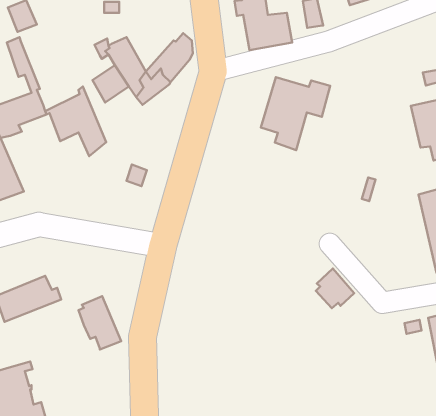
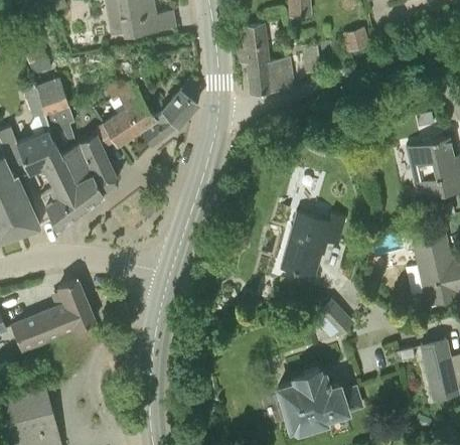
building: none -> [37,78,72,130]
building: [261,77,330,150] -> [281,208,346,277]
building: none -> [35,153,102,229]
building: [79,296,121,350] -> [55,279,96,329]
building: none -> [278,368,361,429]

